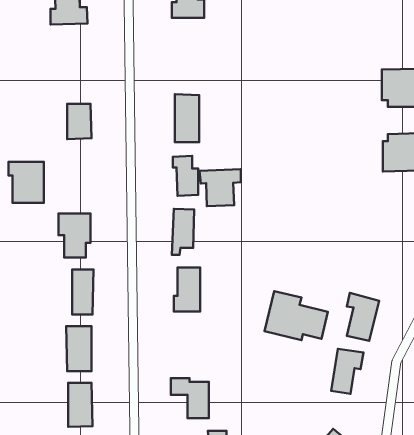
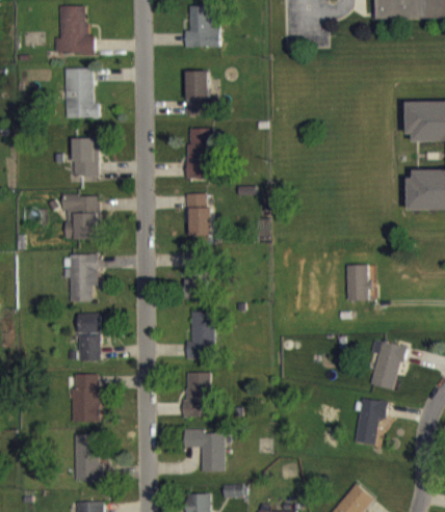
building: none -> [64,69,99,118]
building: none -> [185,71,211,115]
building: [9,162,44,203] -> [61,195,99,239]
building: [200,169,241,206] -> none
building: none -> [346,265,369,300]
building: [264,291,328,340] -> none
building: none -> [182,373,210,417]

